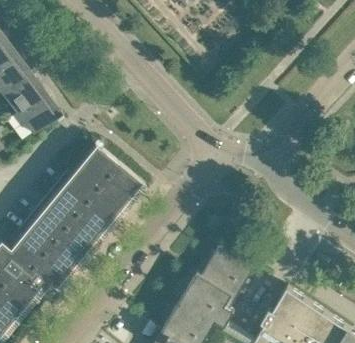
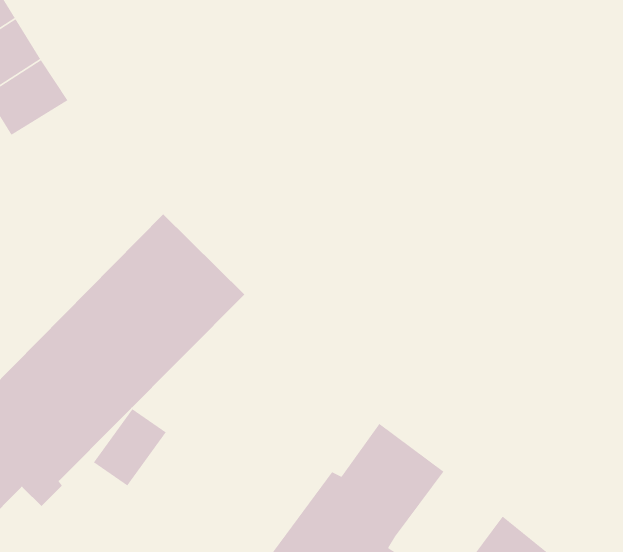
building: [16,91,61,132] -> none
building: none -> [93,408,167,487]

